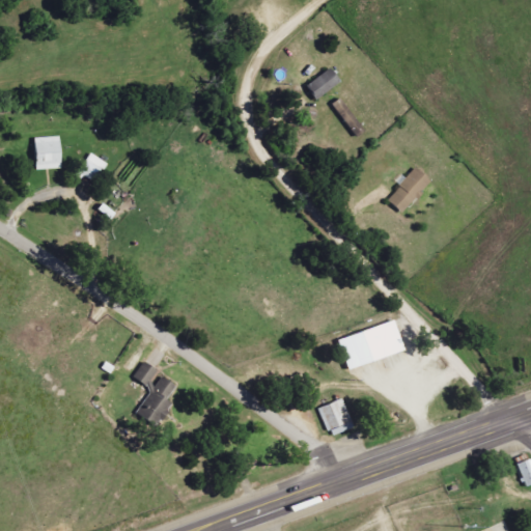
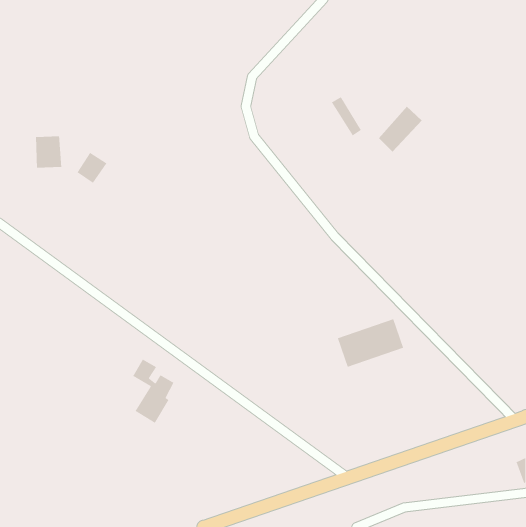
building: [307,68,341,96] -> none
building: [388,166,432,213] -> [378,106,422,152]
building: [319,398,354,436] -> none

